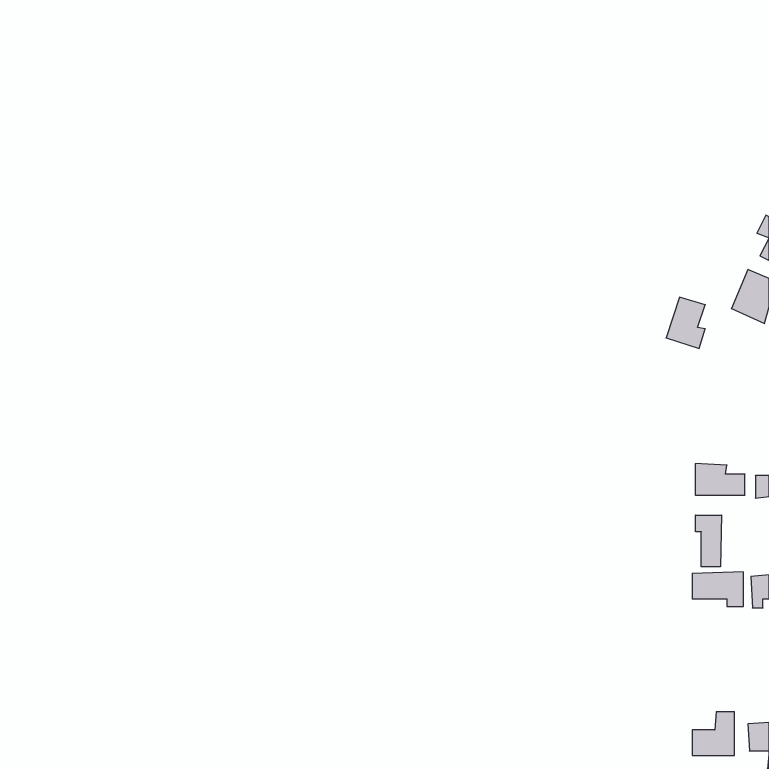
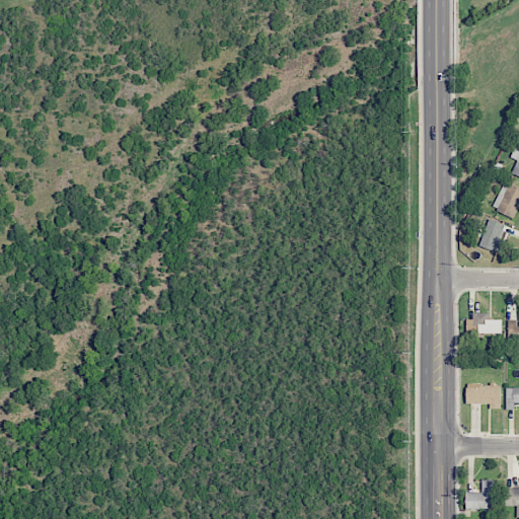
building: [666,297,705,348] -> [479,219,506,253]
building: [696,515,722,567] -> none

